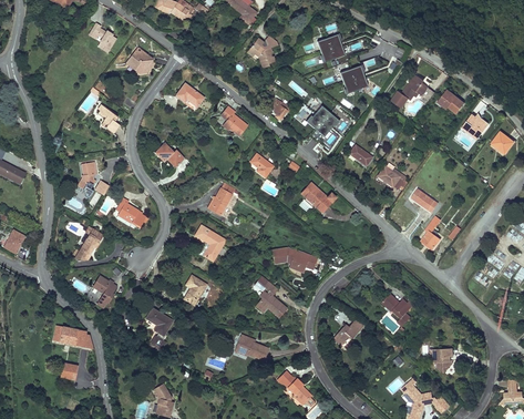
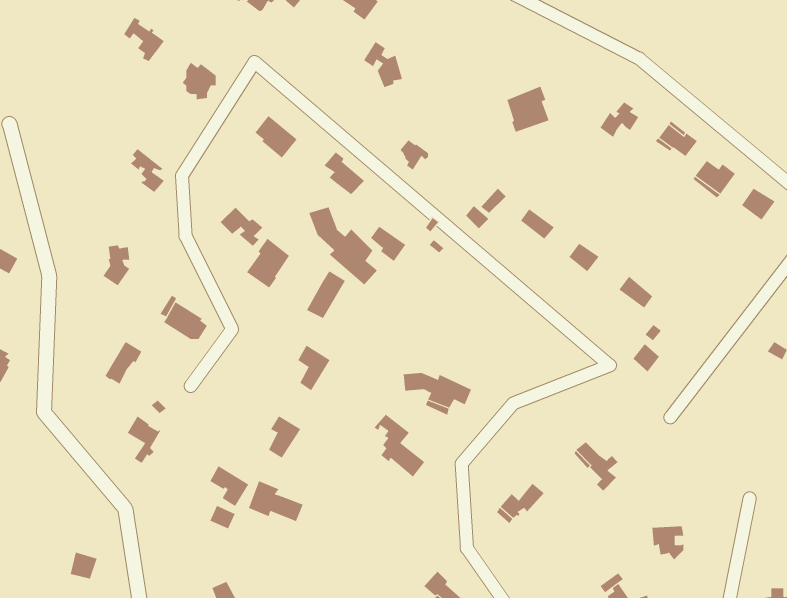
building: [316,34,345,63] -> none
building: [306,104,337,135] -> none
building: none -> [309,206,378,285]
building: none -> [246,238,290,289]
building: [300,183,336,213] -> none
building: [51,326,93,349] -> none
building: [232,334,267,360] -> [248,480,304,522]

